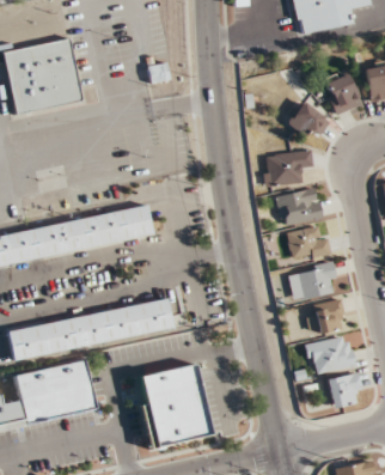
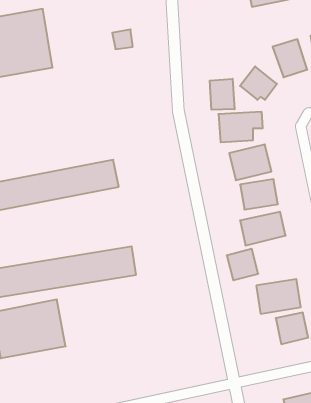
building: none -> [210,79,235,110]
building: [313,299,348,334] -> [227,249,258,280]
building: [135,364,210,449] -> none

